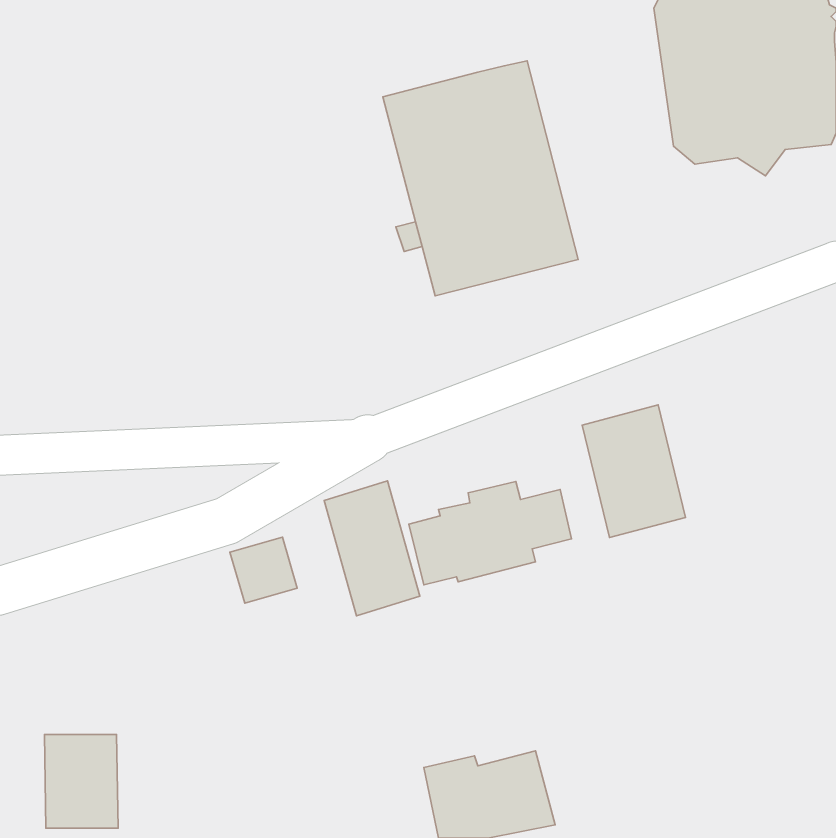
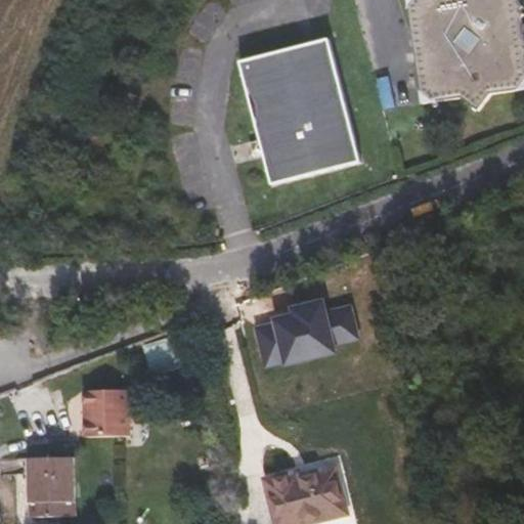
building: [582,405,686,538] -> none
building: [324,481,420,616] -> none
building: none -> [83,389,130,436]

